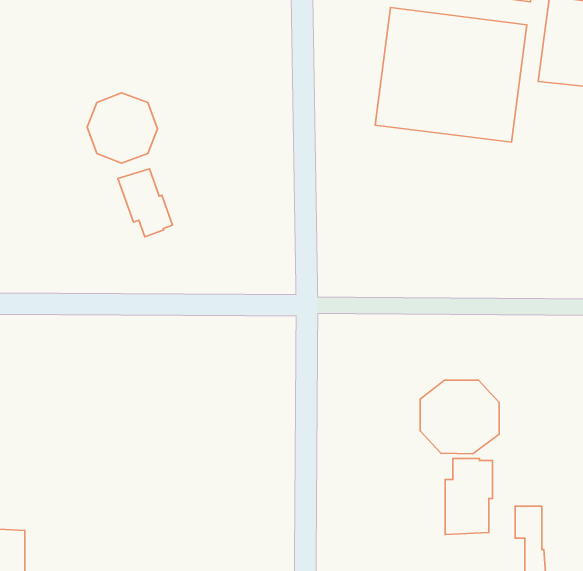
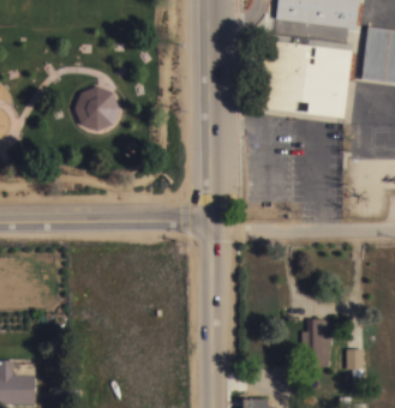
building: [118,169,173,237] -> none
building: [420,380,499,454] -> none

